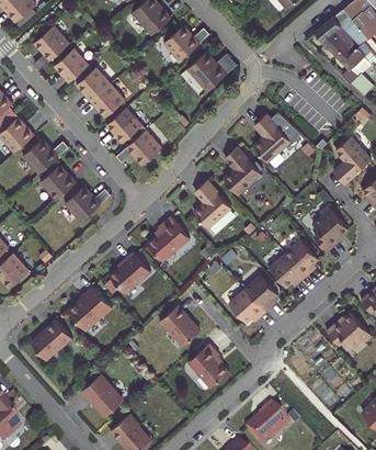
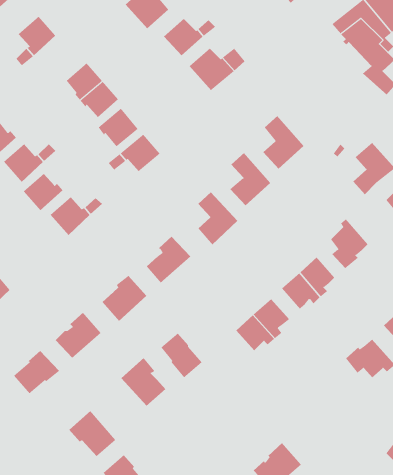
building: [55,46,89,81] -> none
building: [187,345,228,389] -> [121,357,166,406]

